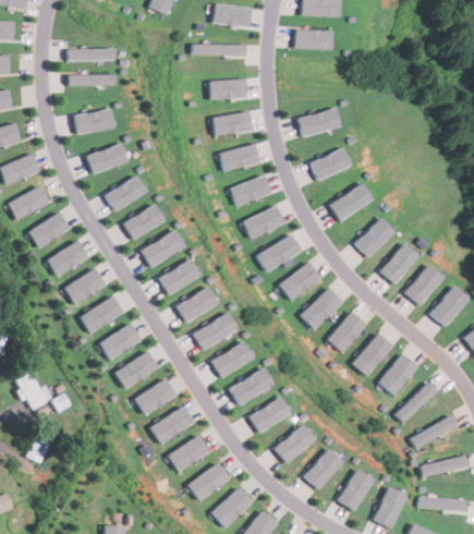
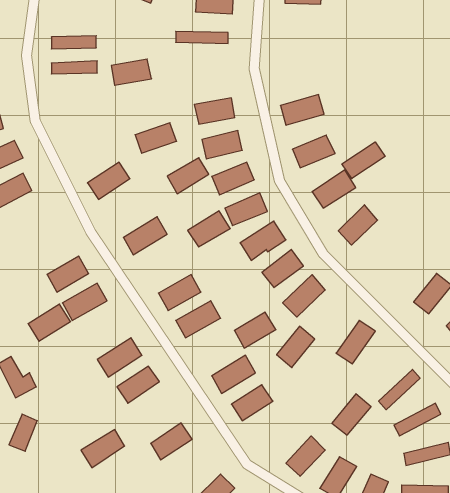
building: [295,28,332,50] -> none
building: [209,78,247,100] -> none
building: [74,108,114,134] -> [111,59,152,85]
building: [86,143,127,173] -> [135,123,177,153]
building: none -> [342,142,385,179]
building: [123,204,165,240] -> [167,158,209,194]
building: [28,211,70,248] -> none
building: [47,240,88,277] -> none
building: [380,243,418,283] -> none
building: [158,258,200,294] -> [188,211,230,247]
building: [405,264,442,305] -> none
building: [328,311,366,352] -> [277,326,315,368]
building: [99,323,142,360] -> [28,304,71,341]
building: [211,341,253,377] -> [234,312,276,348]
building: [379,353,418,395] -> [332,394,371,435]
building: [150,405,194,444] -> [81,430,125,468]
building: [274,423,315,463] -> none
building: [187,462,229,500] -> none

